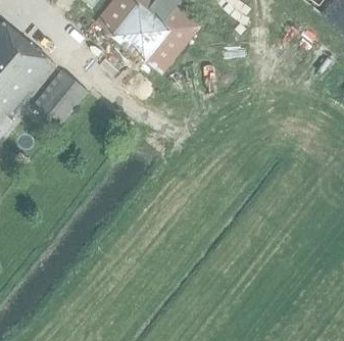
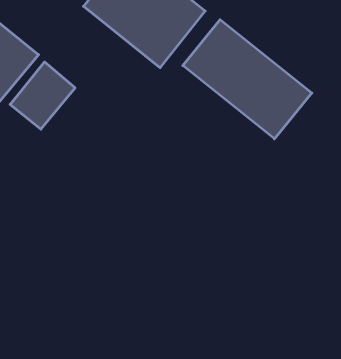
building: none -> [183,20,312,139]

